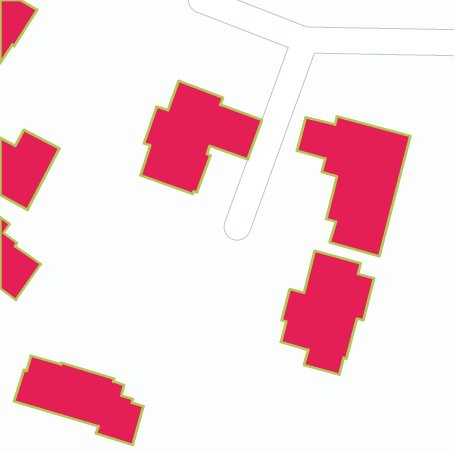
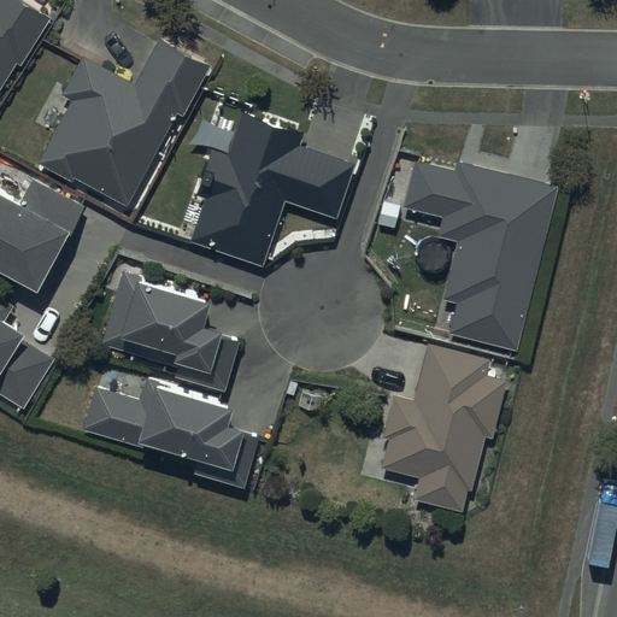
building: none -> [37,41,213,206]
building: none -> [100,272,240,392]
building: [14,356,144,445] -> [82,368,258,488]

